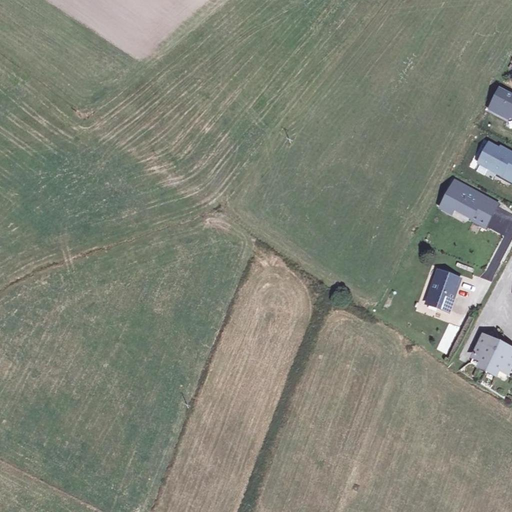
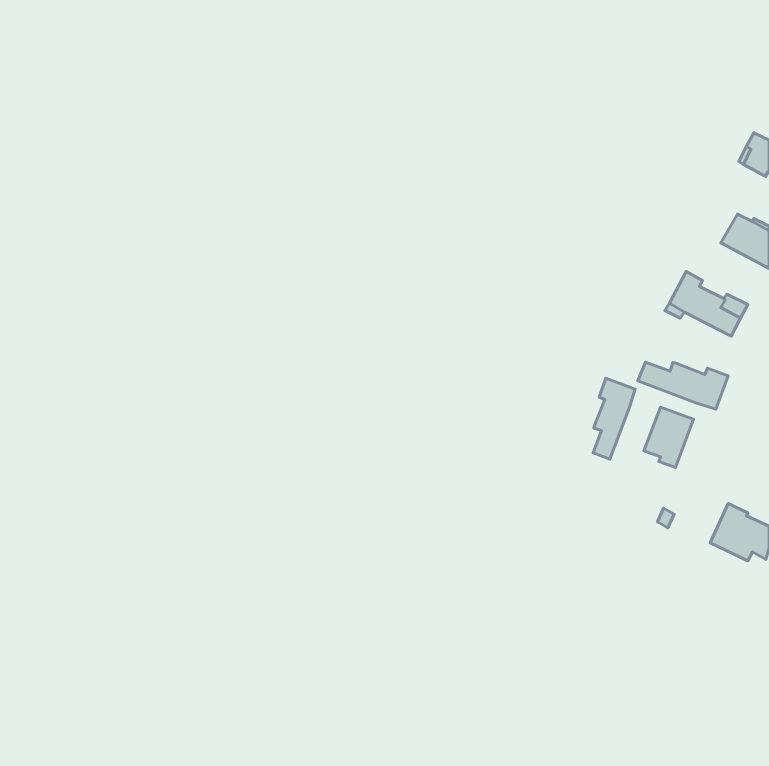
building: none -> [638,362,728,409]
building: none -> [593,378,635,459]

